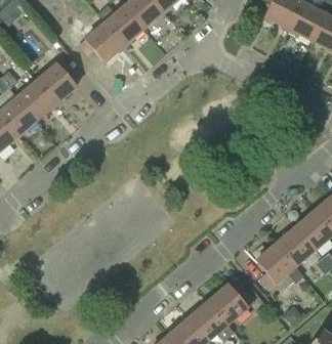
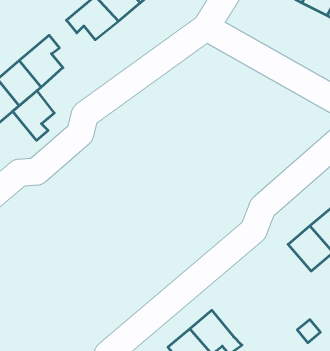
building: none -> [13,91,54,140]
building: [255,243,302,289] -> none
building: [207,285,253,325] -> none

